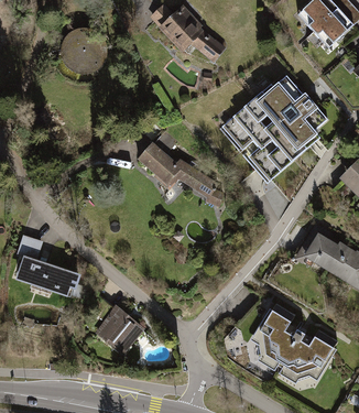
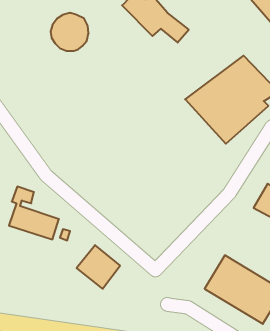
building: [135,141,222,200] -> none

